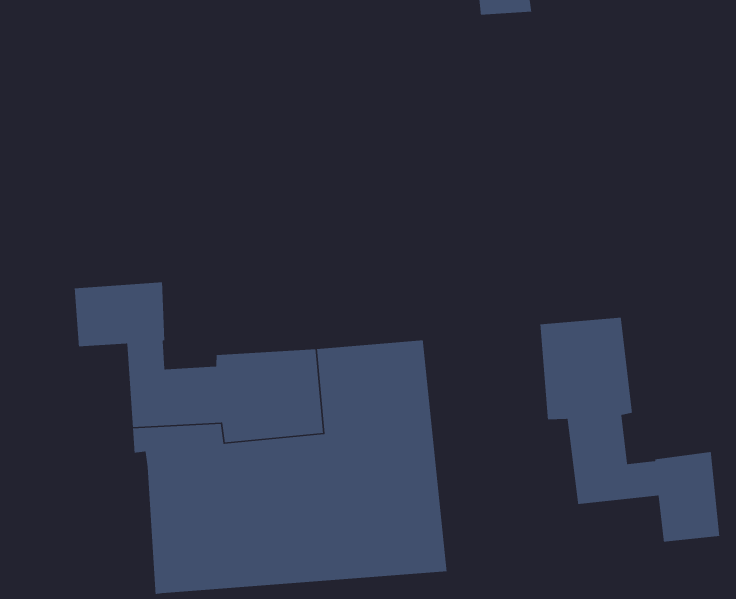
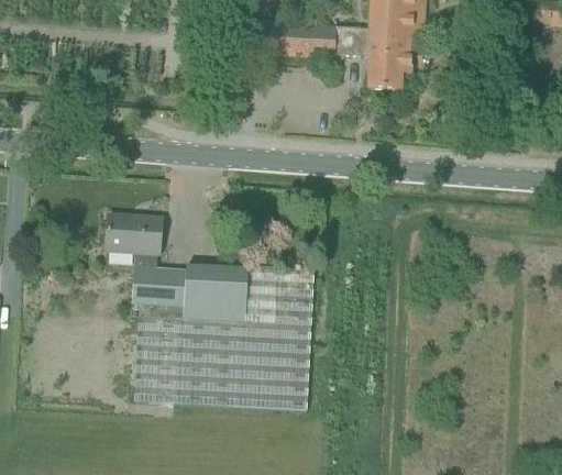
building: [540,317,720,543] -> none

